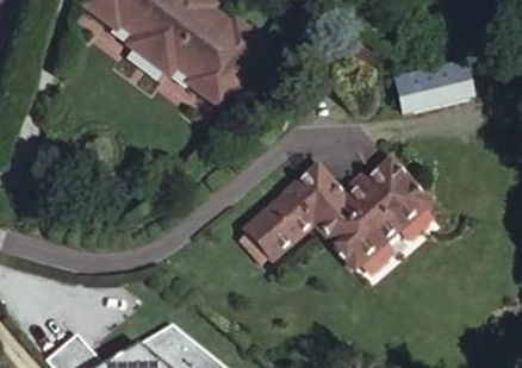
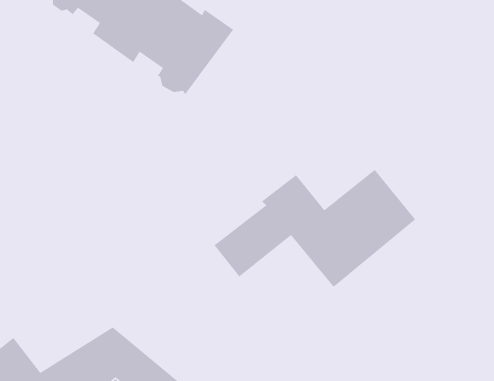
building: [400,51,474,106] -> none

